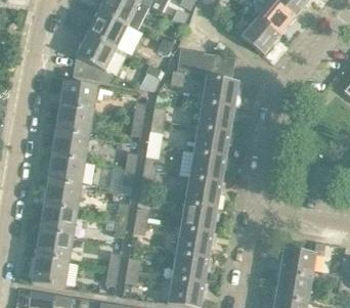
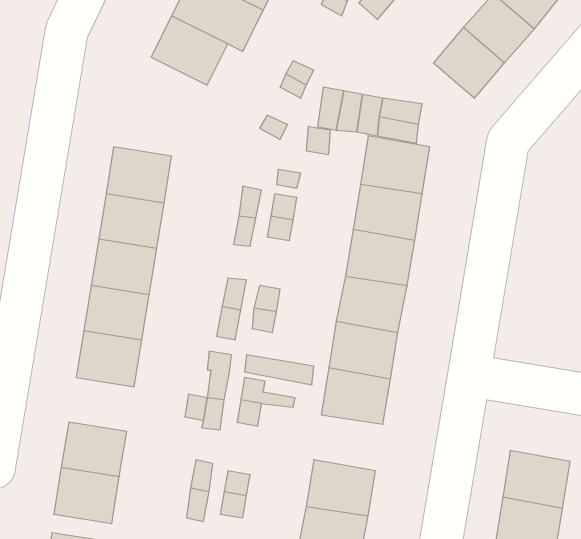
building: [72,32,117,81] -> none
building: [41,207,77,236] -> none
building: [175,227,213,258] -> none

